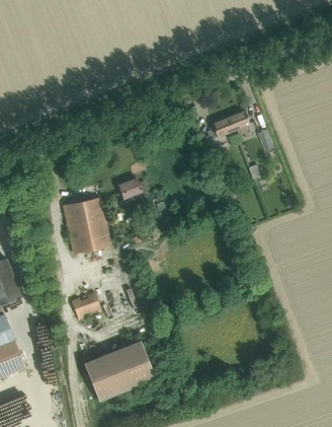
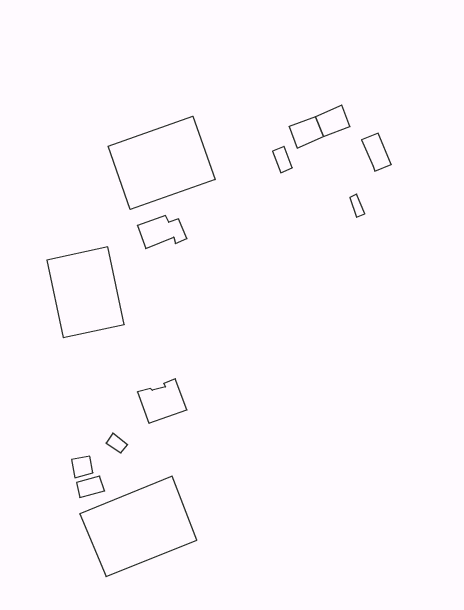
building: none -> [108,116,215,209]
building: [71,292,101,319] -> [137,379,187,423]

